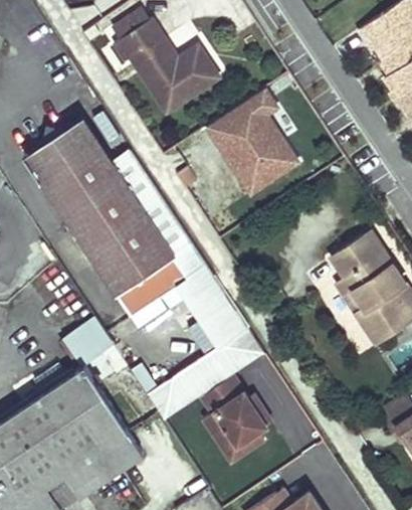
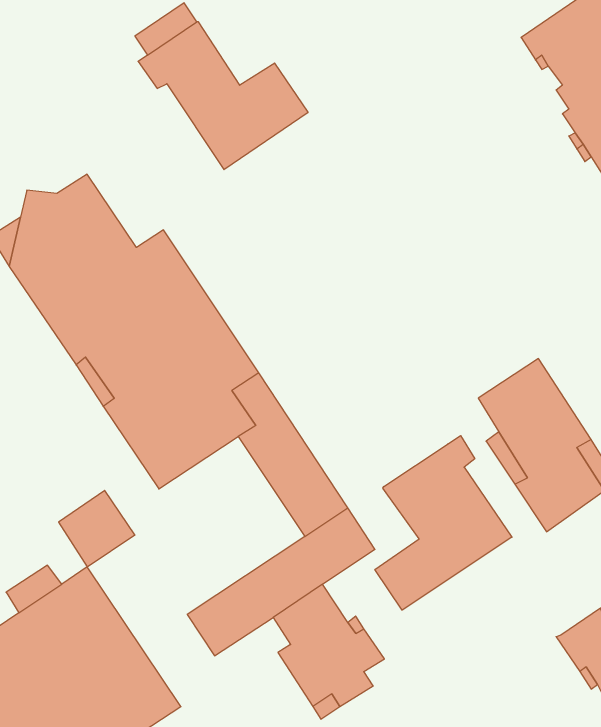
building: [202,87,301,199] -> none
building: none -> [375,436,512,610]

